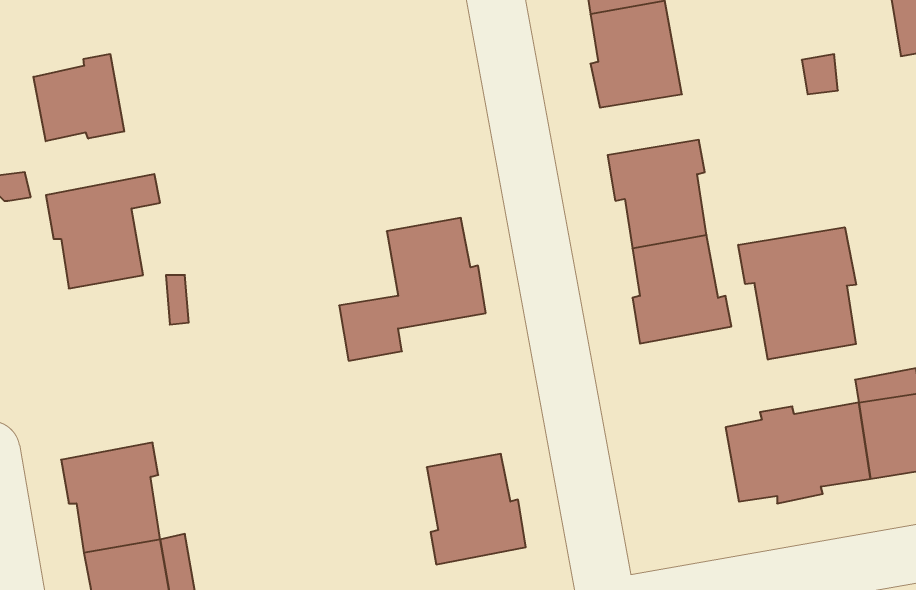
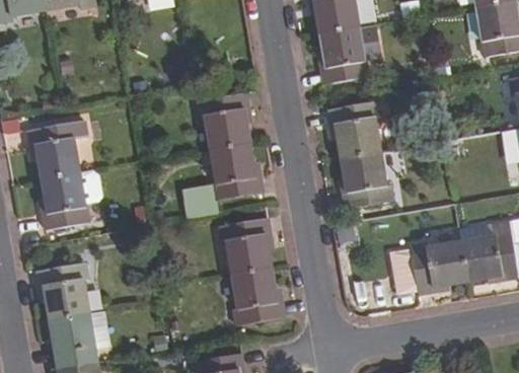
building: [33,54,124,141] -> none
building: none -> [197,92,249,149]
building: [738,227,856,360] -> none
building: none -> [41,172,89,230]
building: none -> [219,217,272,275]

